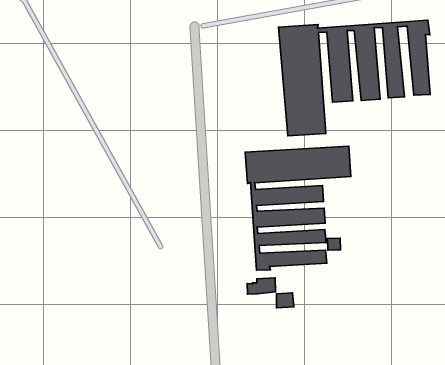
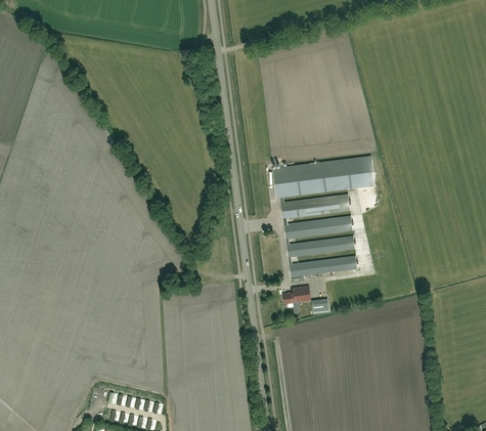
building: [279,20,430,136] -> none

